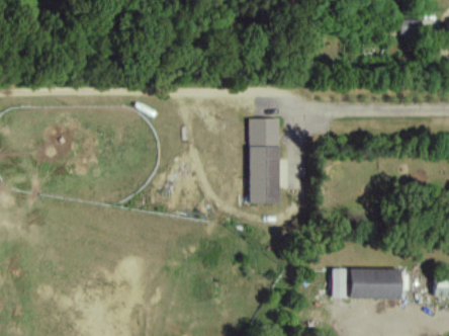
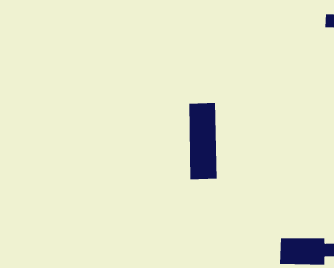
building: [331,267,345,298] -> none

